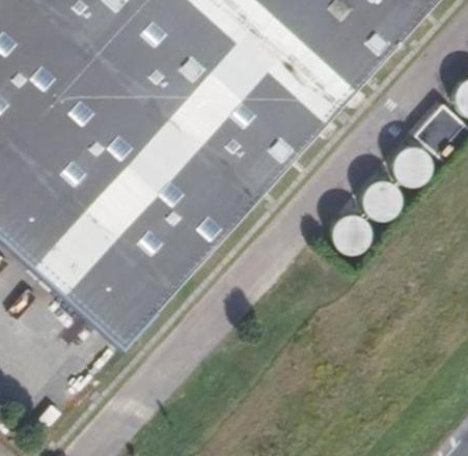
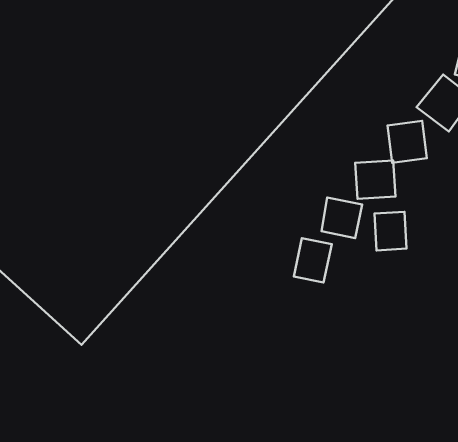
building: none -> [374,212,407,250]
building: none -> [294,238,332,283]

